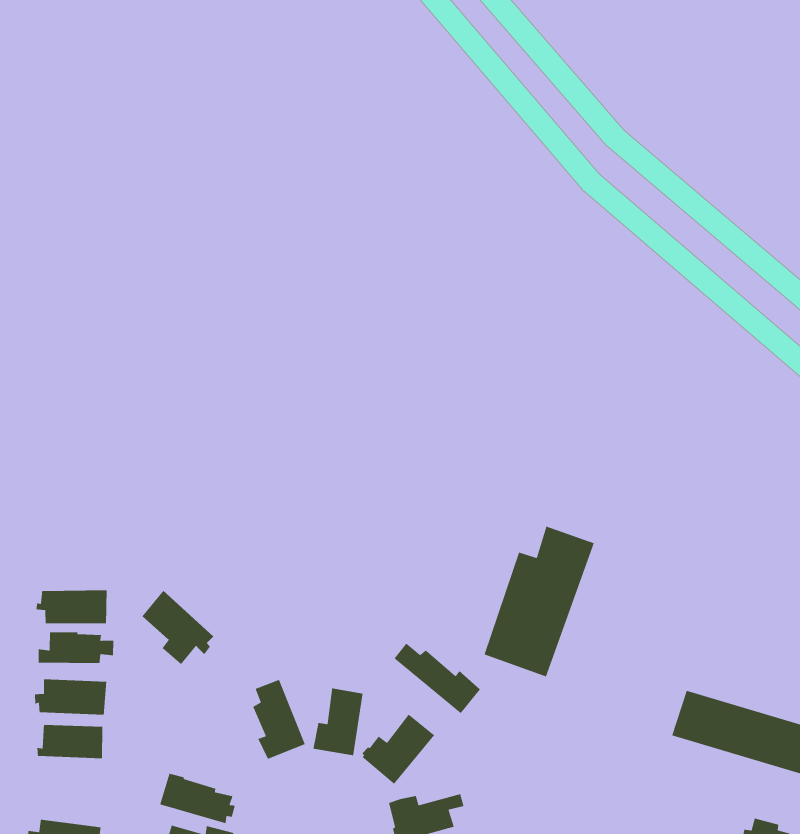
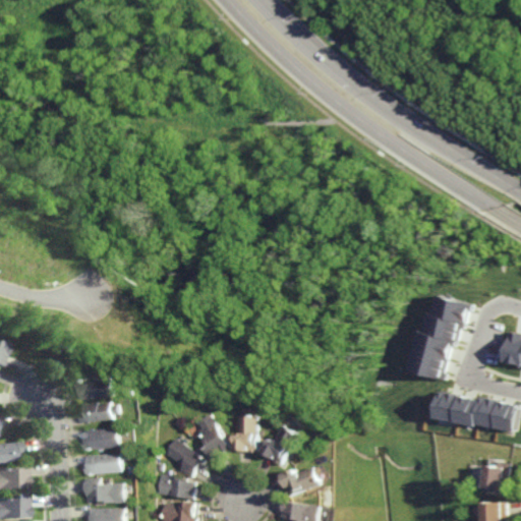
building: [484,526,595,678] -> [410,296,464,381]
building: [142,590,214,665] -> [163,438,205,478]
building: [394,642,481,714] -> none
building: none -> [80,477,121,503]

